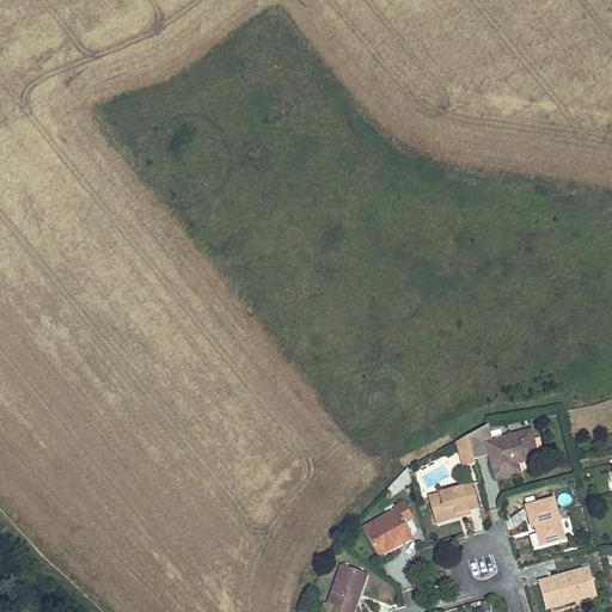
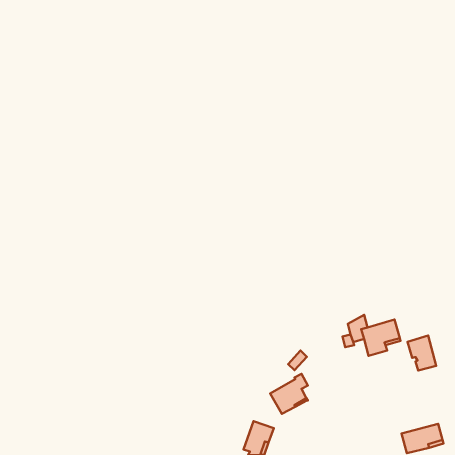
building: [427,483,478,522] -> none
building: [525,498,563,545] -> [408,336,436,370]

